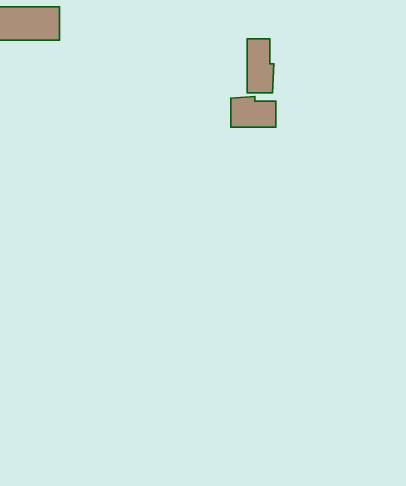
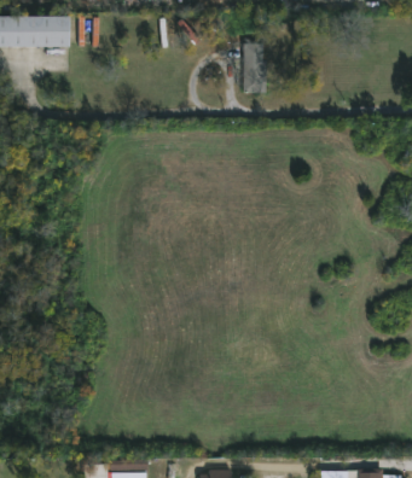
building: [231,96,276,127] -> none

